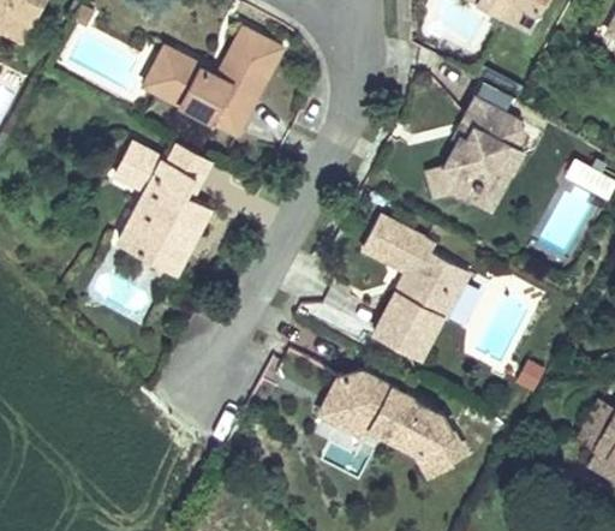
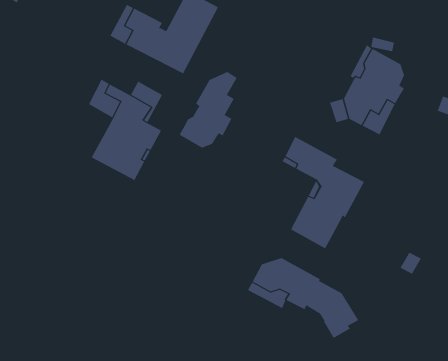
building: none -> [179,71,237,149]

